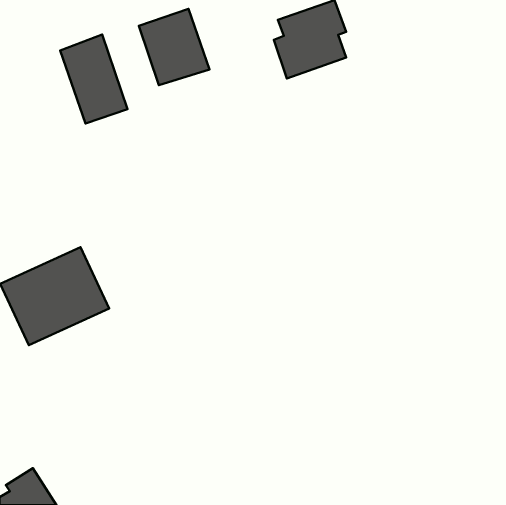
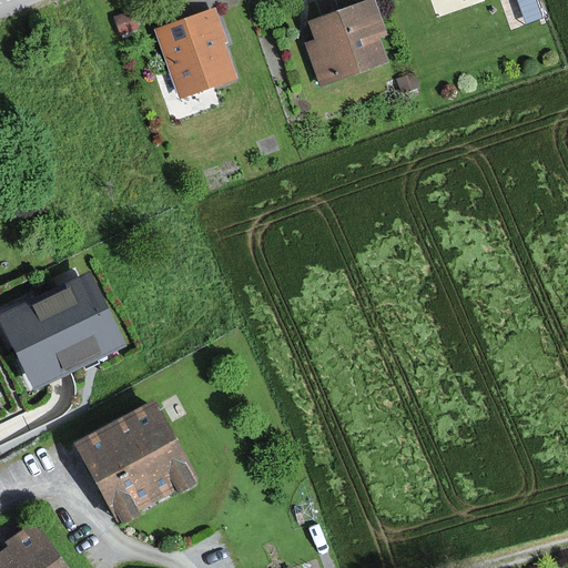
building: [60,35,128,124] -> none
building: none -> [77,403,197,520]

